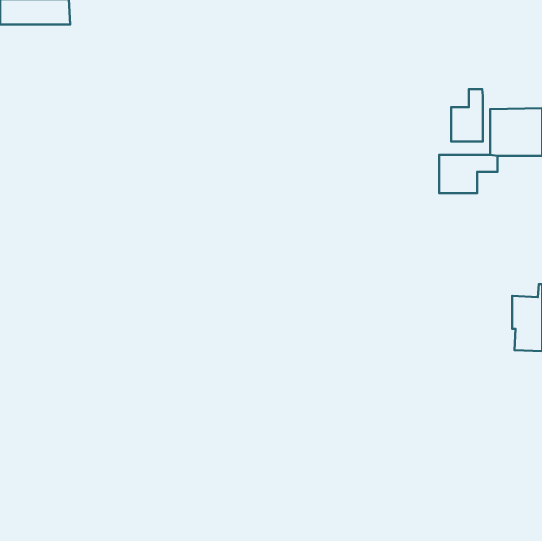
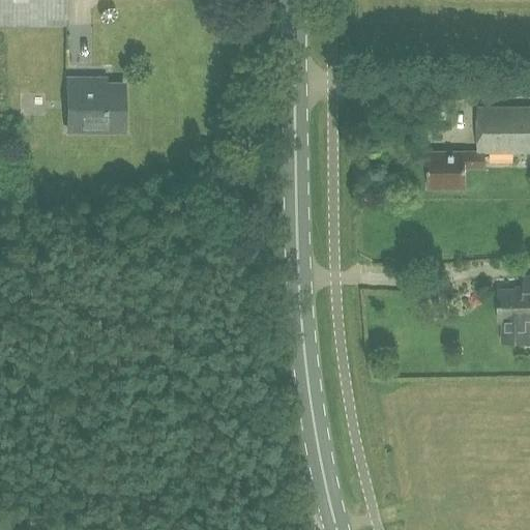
building: none -> [67,73,123,130]
building: [451,89,483,141] -> none

